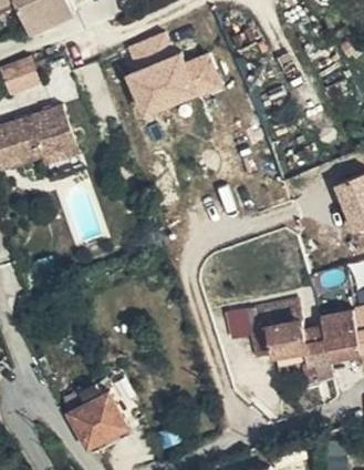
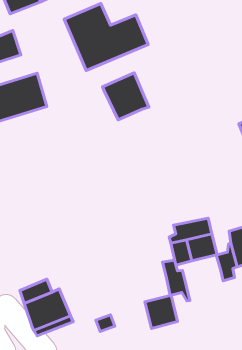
building: none -> [103,73,149,120]
building: none -> [145,260,190,328]

